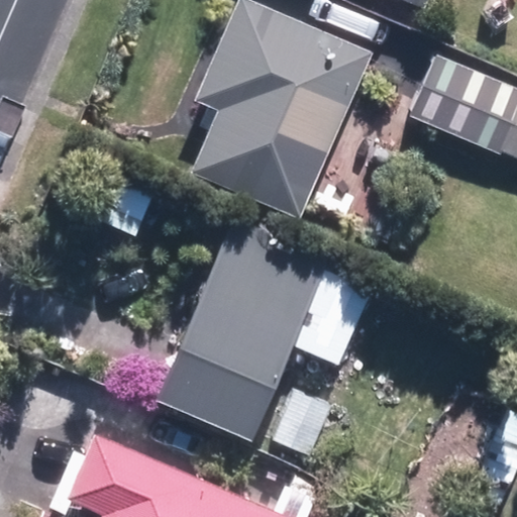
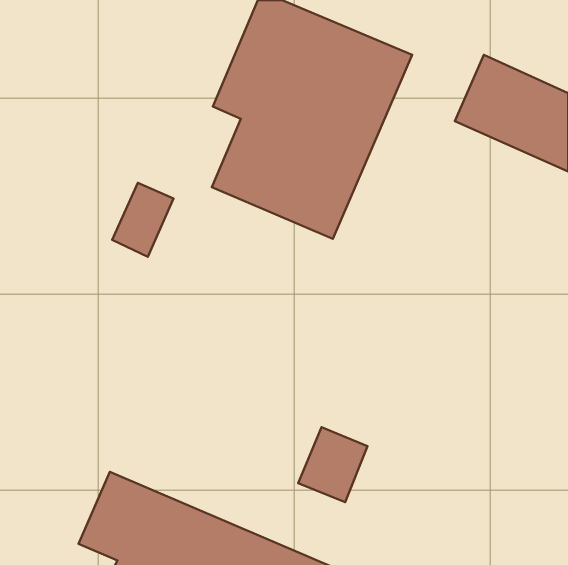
building: [156,219,330,439] -> none

